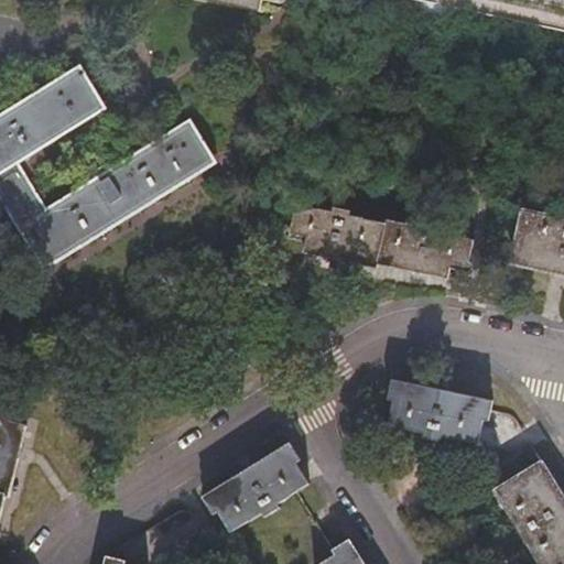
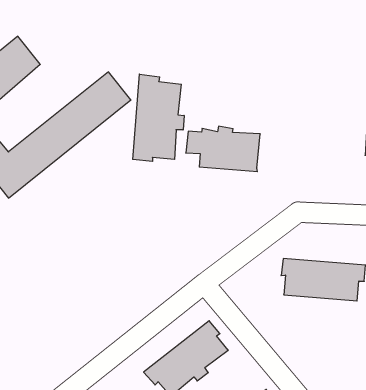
building: none -> [133,74,184,161]
building: [372,217,471,278] -> none

